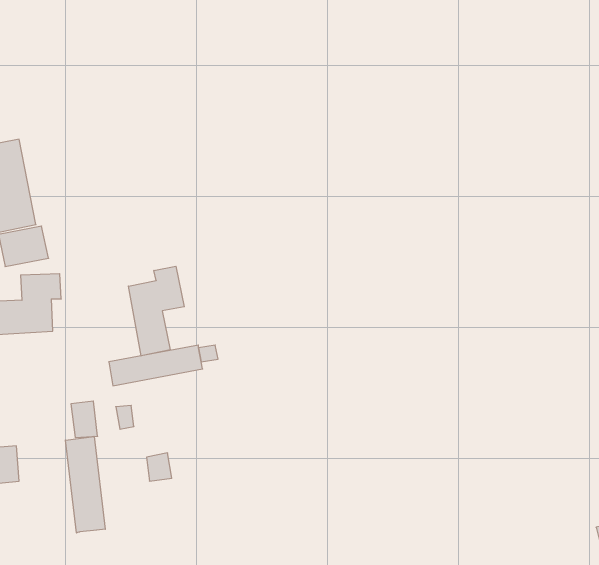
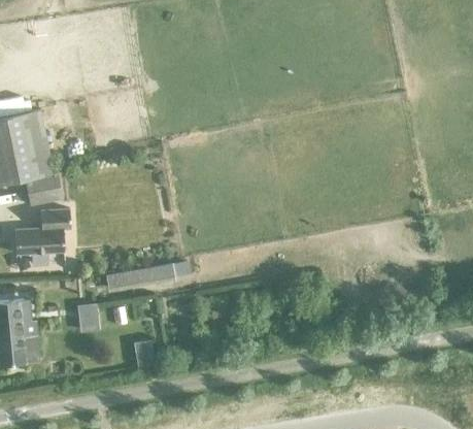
building: [128,266,184,356] -> none
building: [65,436,105,533] -> none

